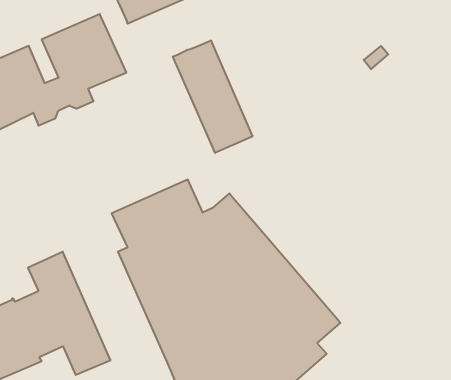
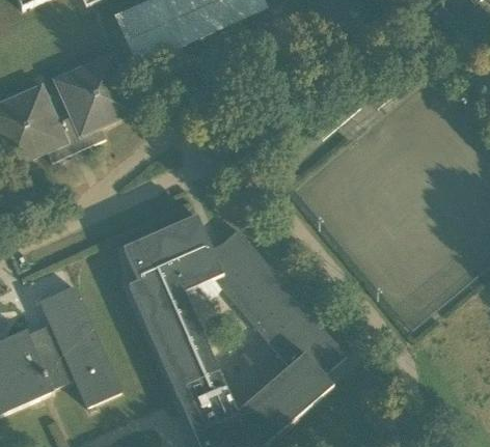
building: [173,40,252,153] -> none

